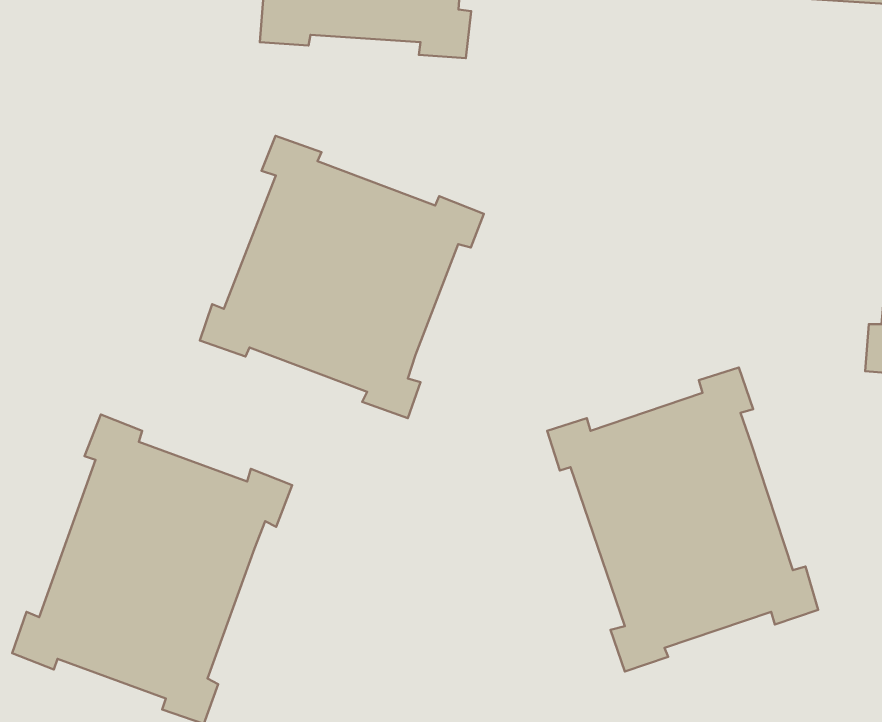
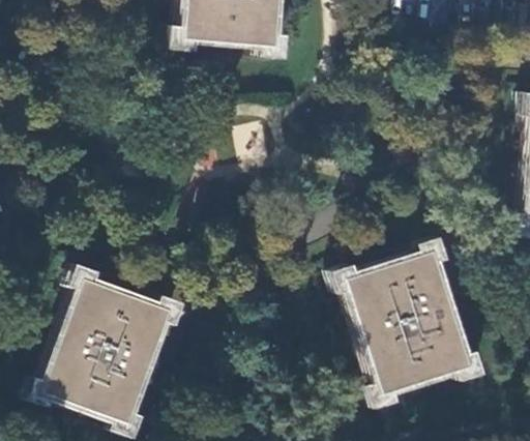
building: [200,136,484,418] -> none

